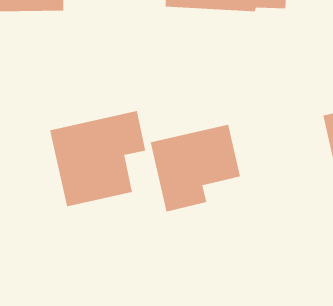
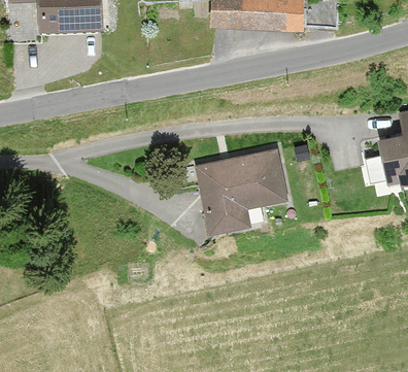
building: [49,110,146,207] -> none

